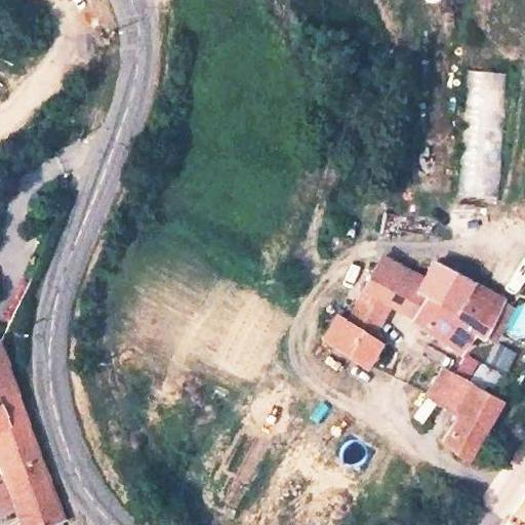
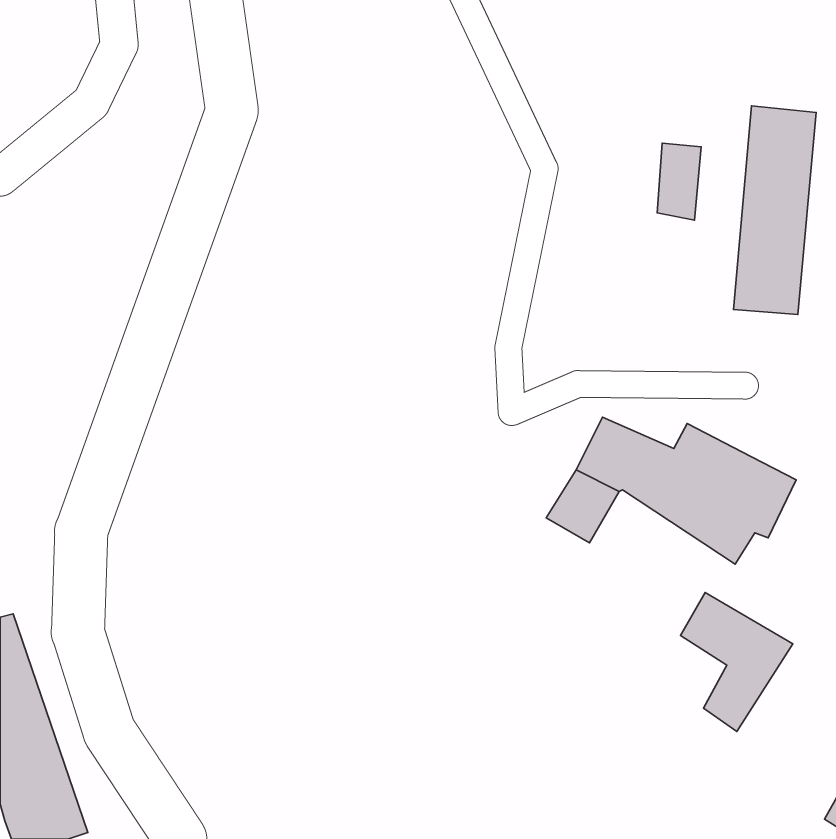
building: none -> [657,143,701,220]
building: [325,317,385,370] -> none

